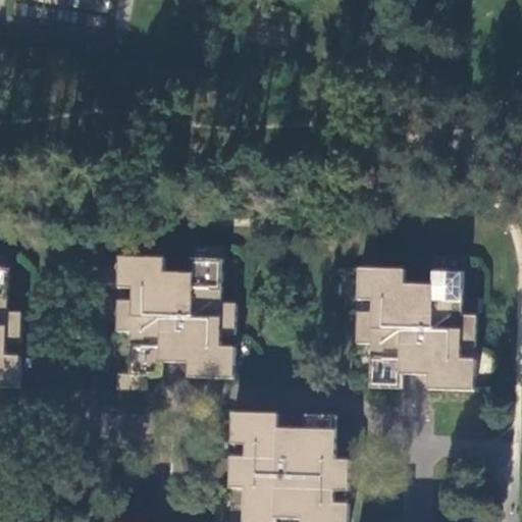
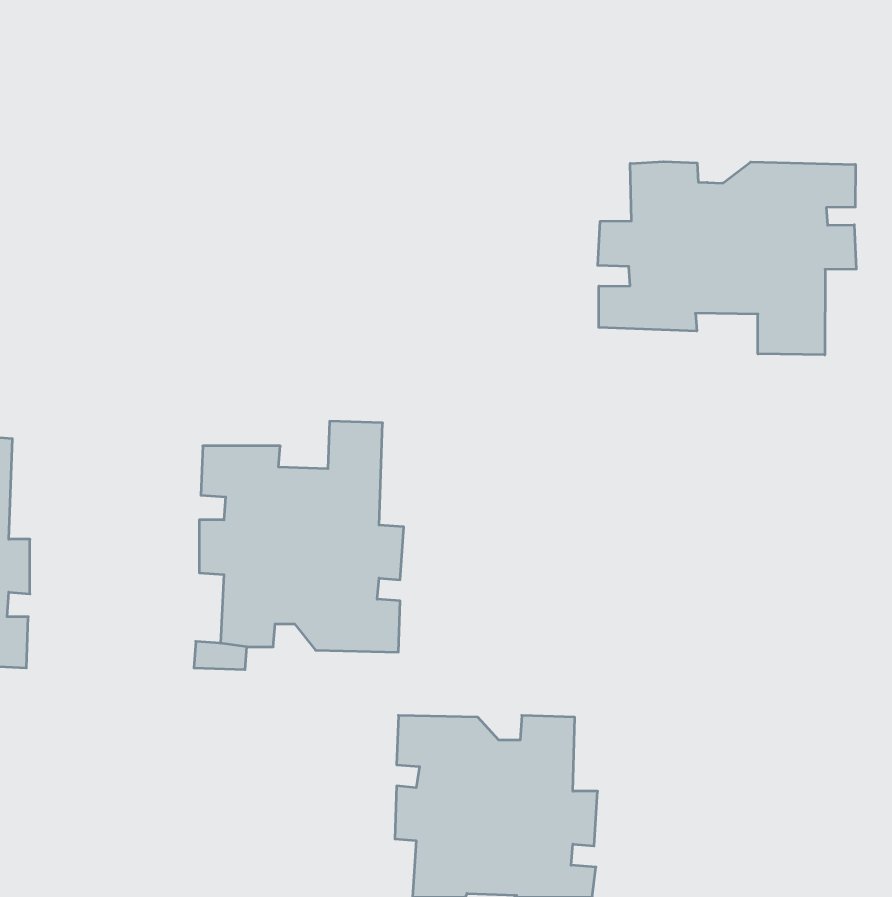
building: none -> [598,162,856,355]
building: [355,257,473,389] -> none

